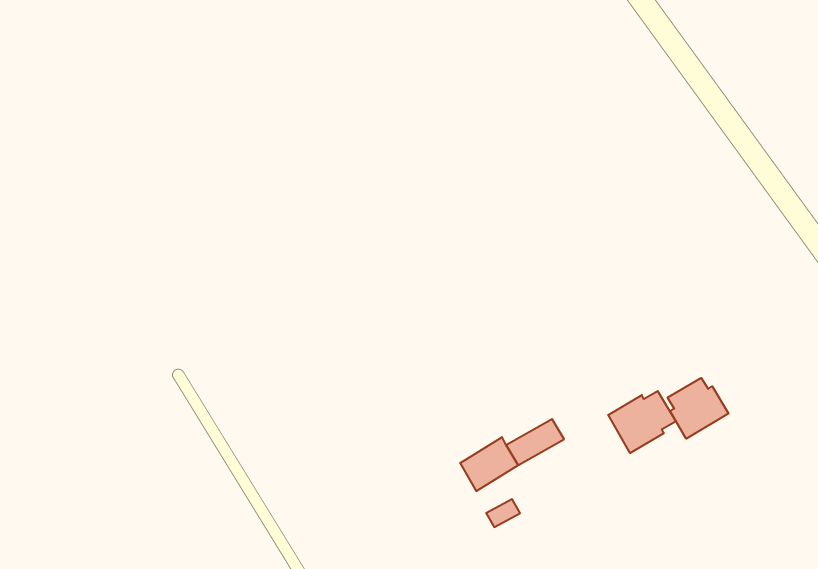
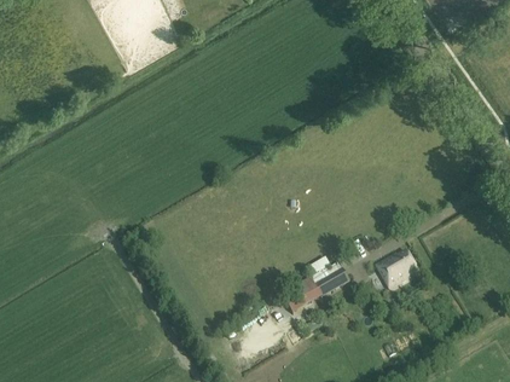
building: [668,378,728,439] -> none

